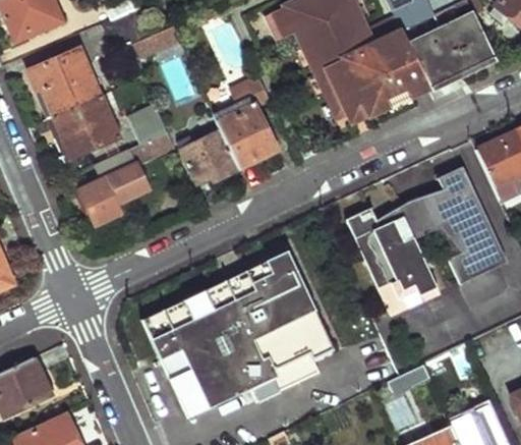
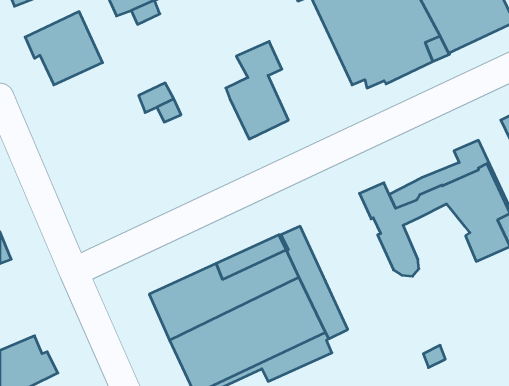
building: [52,94,119,157] -> none
building: [183,129,239,181] -> none
building: [78,162,149,225] -> none
building: [378,243,451,317] -> none

